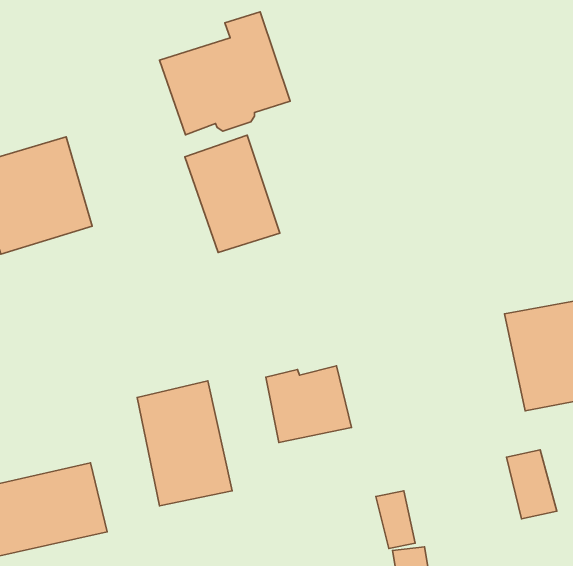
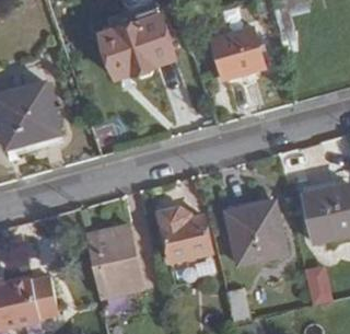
building: none -> [212,27,265,79]
building: [185,135,280,253] -> none
building: none -> [226,203,287,264]

